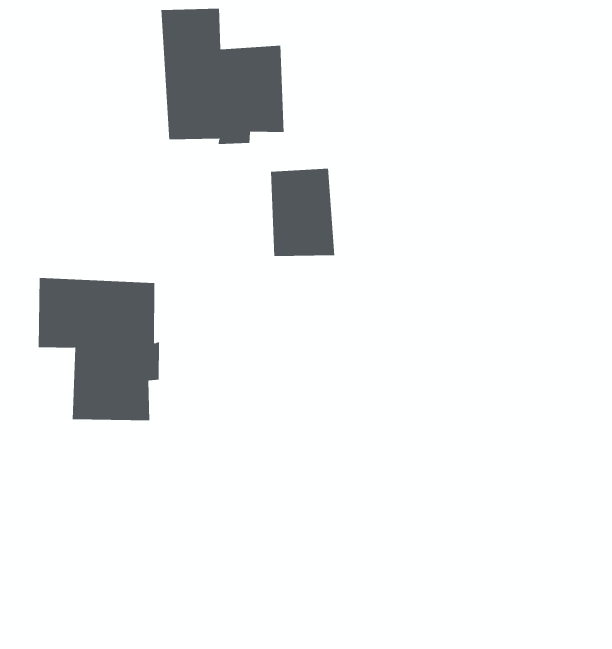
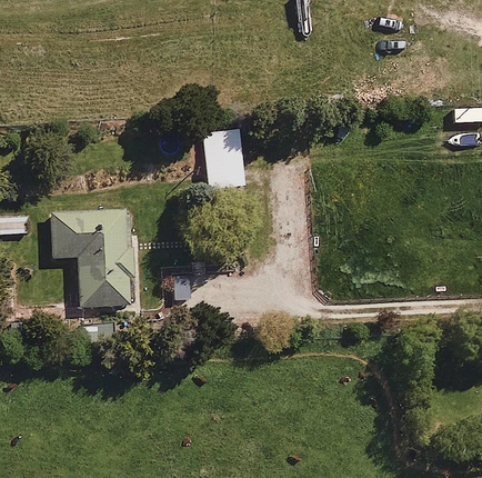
building: [161,8,284,145] -> none

